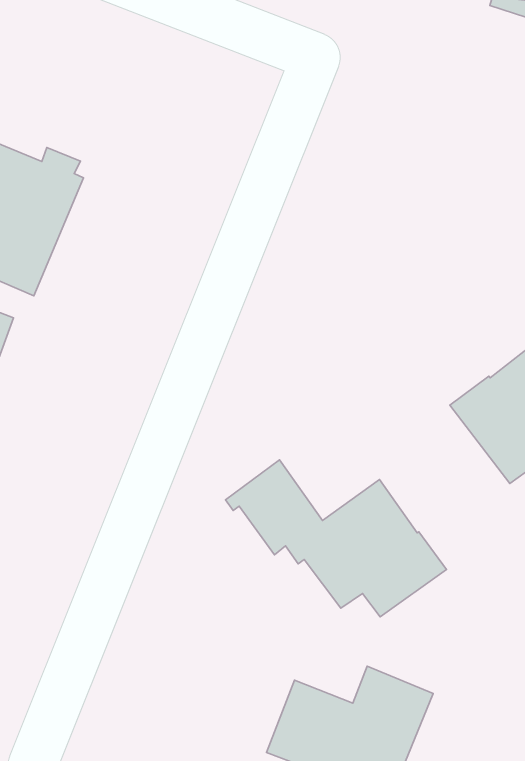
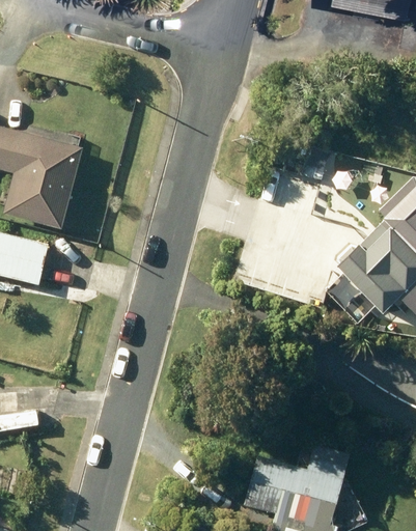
building: [225,460,447,617] -> none

